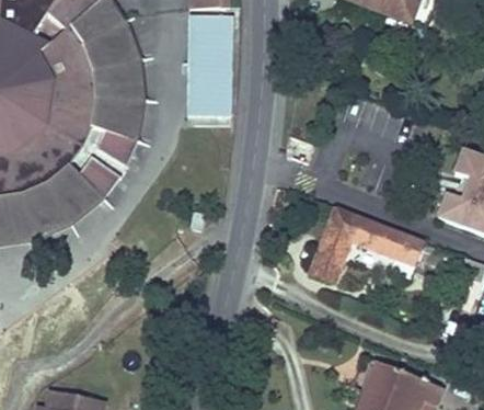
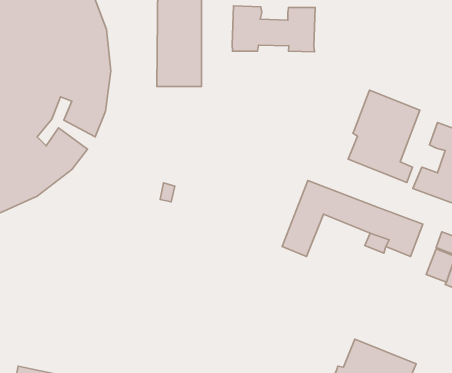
building: none -> [232,6,315,52]
building: none -> [348,90,420,183]

